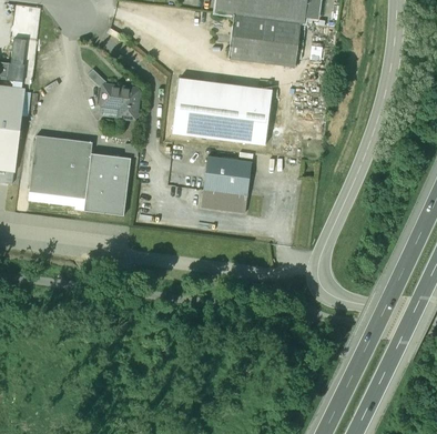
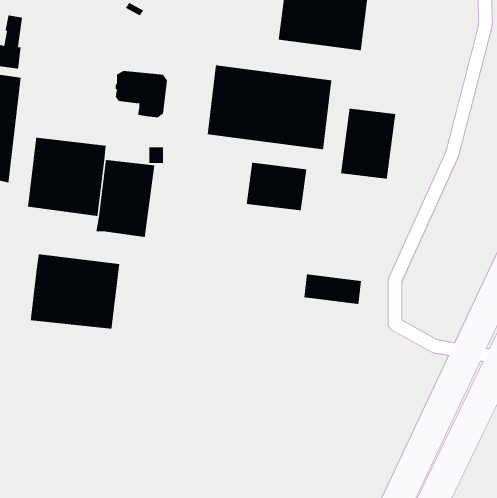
building: none -> [341,108,396,180]
building: [201,189,247,213] -> [303,274,362,305]
building: none -> [30,254,120,329]

